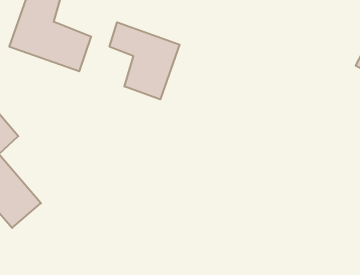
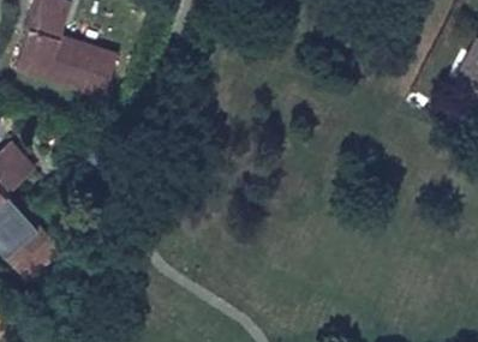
building: [110,22,180,99] -> none

